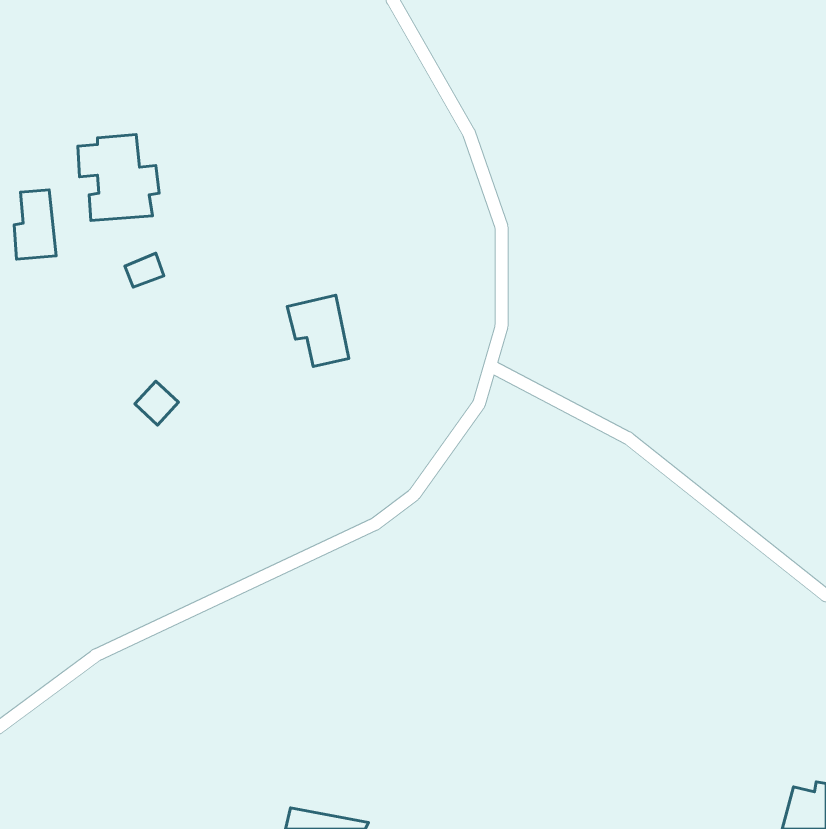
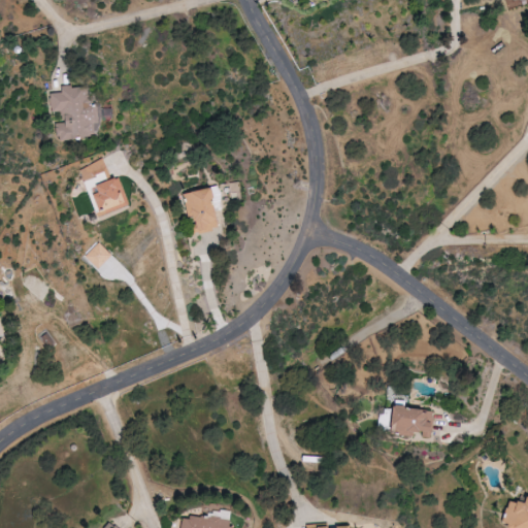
building: [14,190,56,259] -> none
building: none -> [96,178,129,212]
building: none -> [384,406,430,438]

